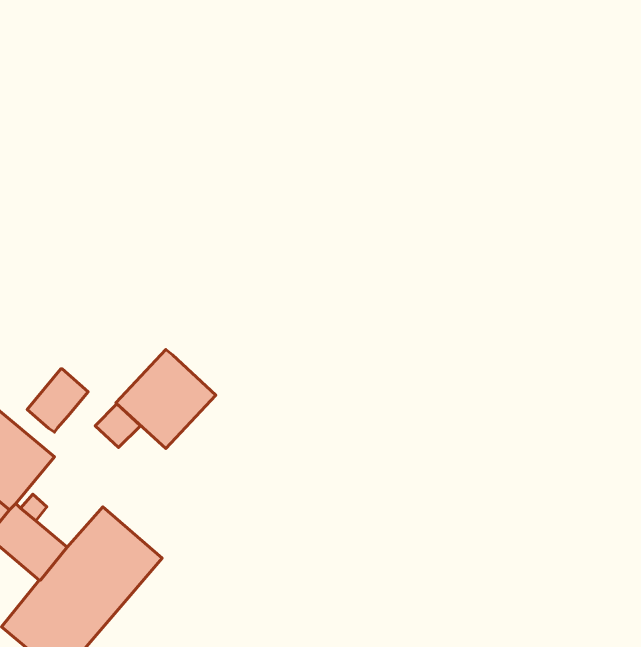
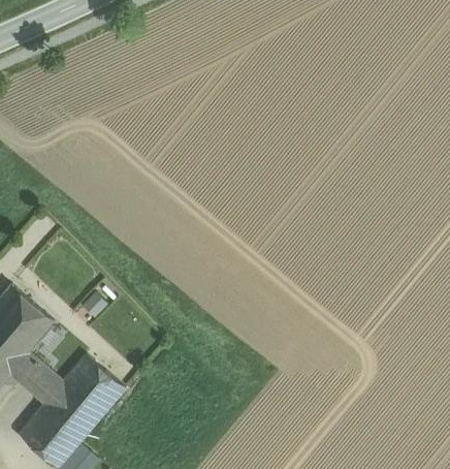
building: [116,349,216,449] -> none
building: [27,369,88,432] -> none

